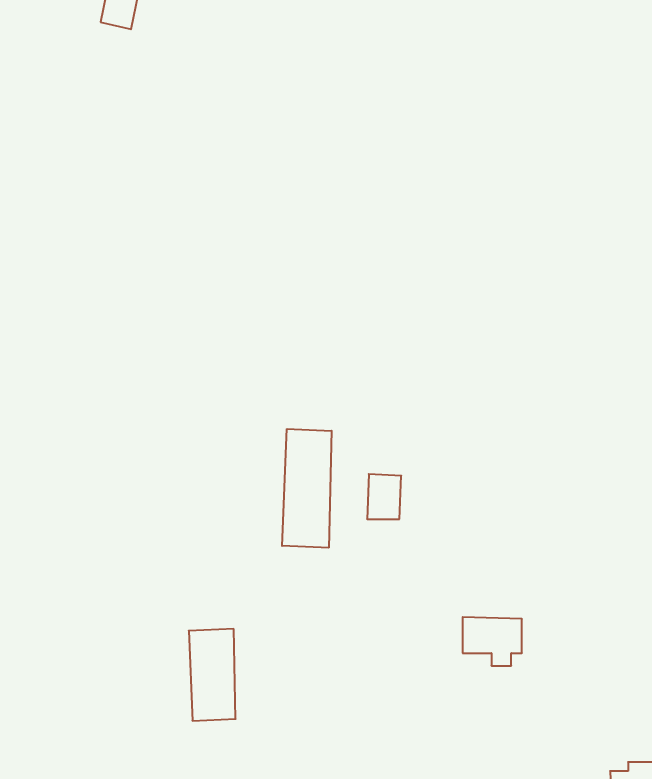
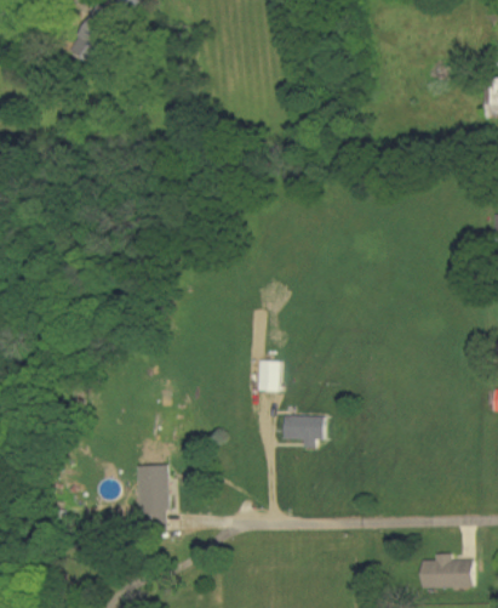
building: [282,429,332,548] -> none
building: [463,617,522,666] -> [284,414,324,447]

